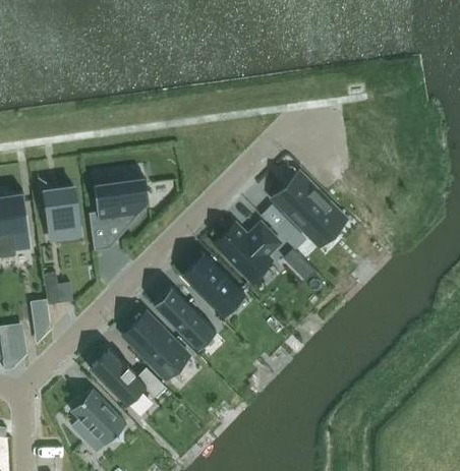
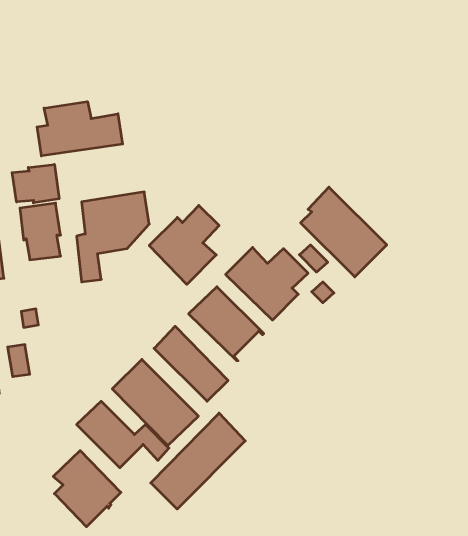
building: none -> [37,102,123,156]
building: none -> [12,164,59,203]
building: none -> [149,205,219,284]
building: none -> [151,413,245,509]

